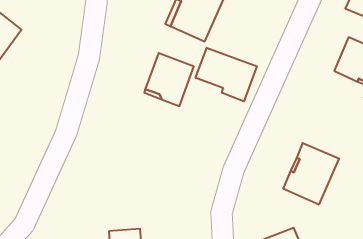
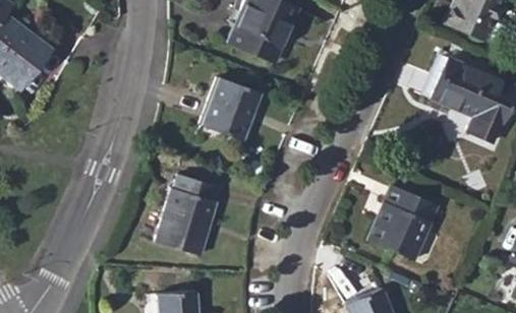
building: [196,48,257,101] -> none
building: none -> [155,174,218,256]

